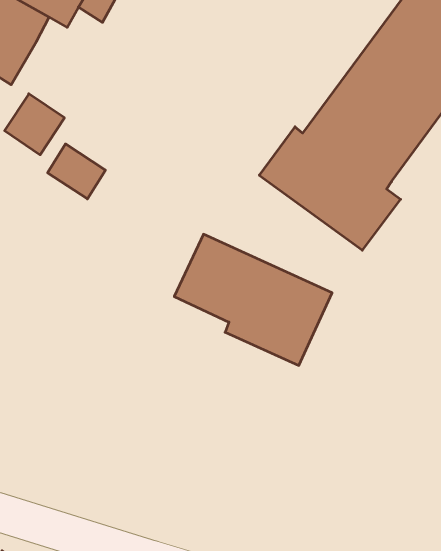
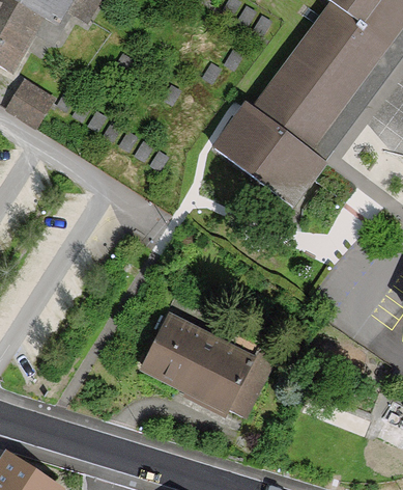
building: [48,144,105,199] -> none
building: [174,234,332,365] -> [139,315,267,421]

